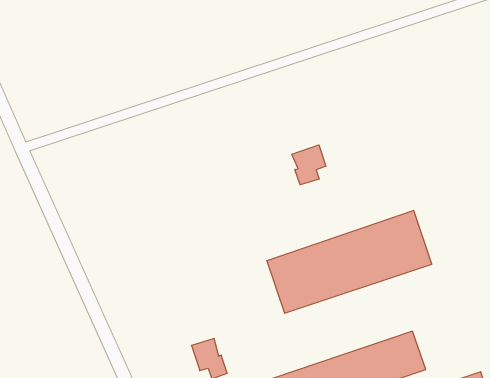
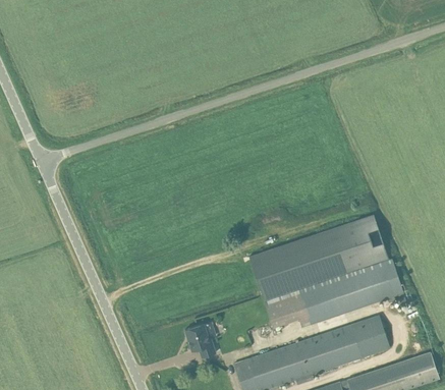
building: [292,145,326,185] -> none
building: none -> [264,259,403,327]

